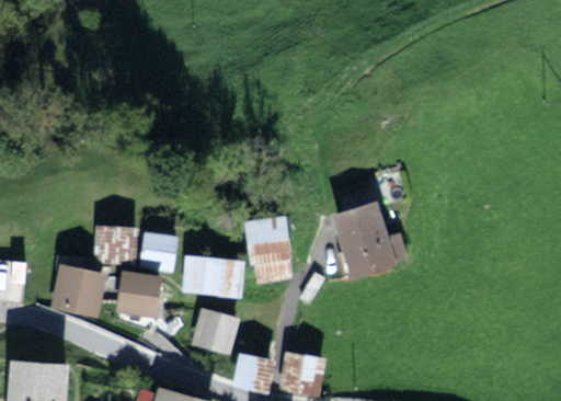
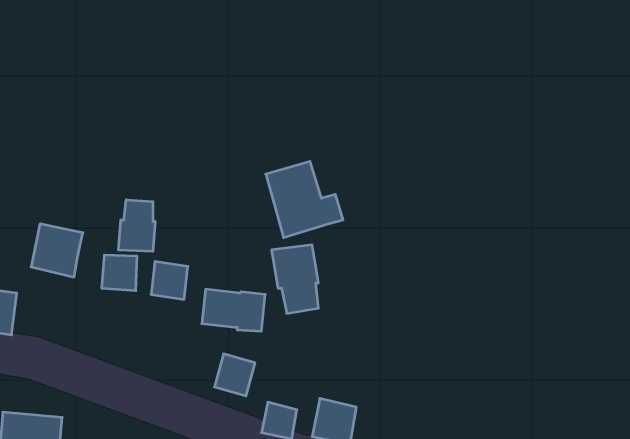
building: none -> [119,200,155,251]
building: [335,205,402,271] -> [266,161,343,238]
building: [55,266,100,312] -> [31,224,83,277]
building: [118,273,158,310] -> none

